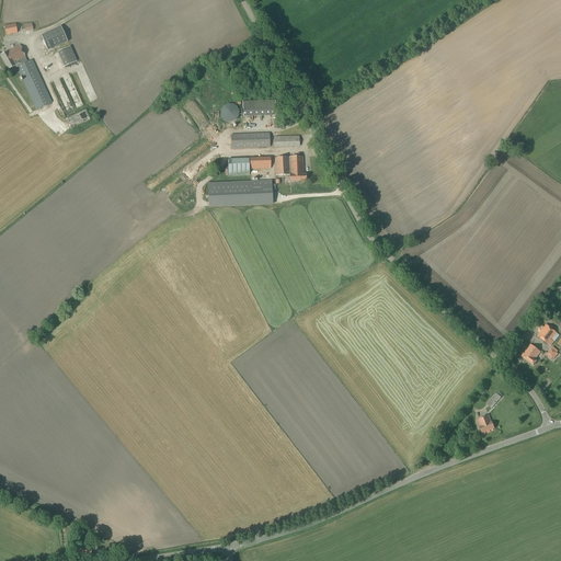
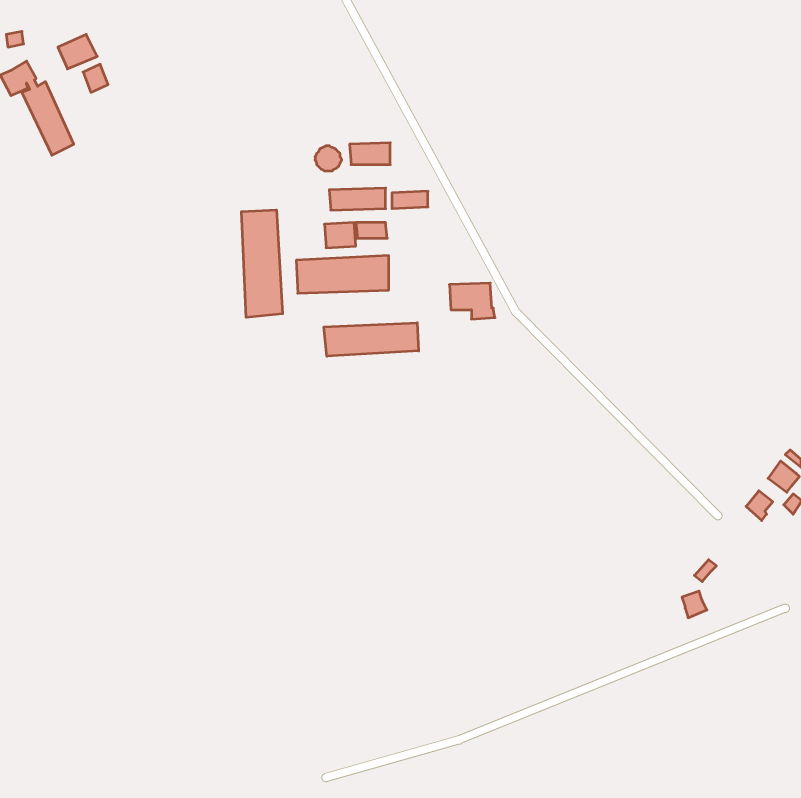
building: none -> [242,210,283,317]
building: [274,154,306,180] -> [449,283,495,319]
building: none -> [324,323,419,356]

